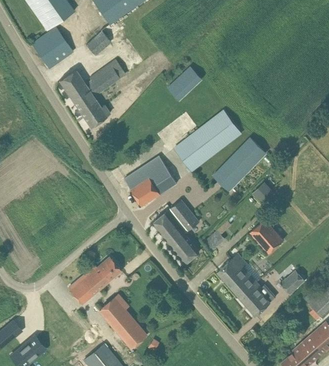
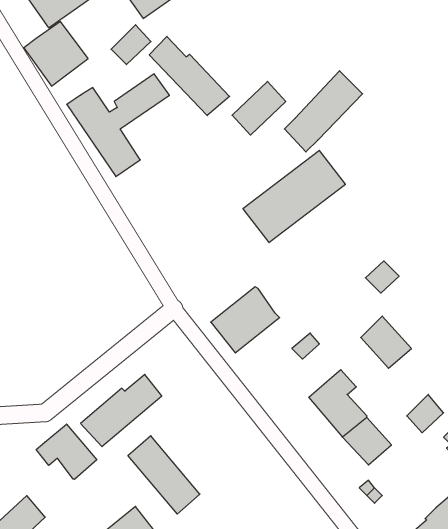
building: none -> [149,36,230,116]
building: [214,138,265,191] -> [284,71,363,152]
building: [124,156,177,206] -> none
building: [169,220,199,264] -> none
building: none -> [36,424,97,479]

